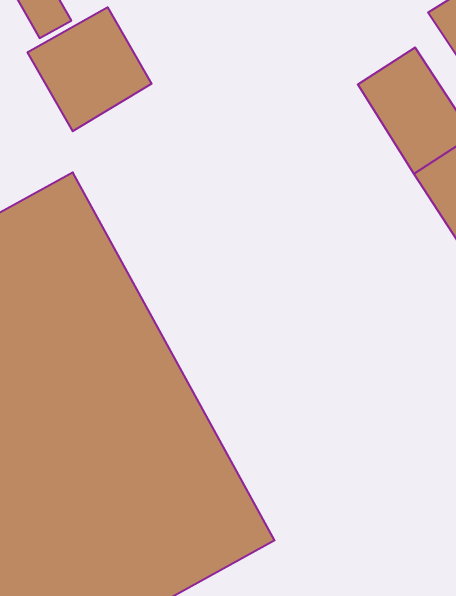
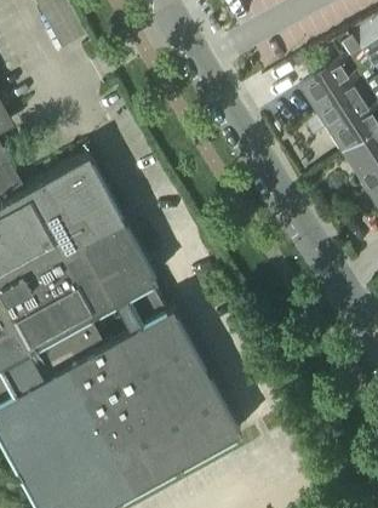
building: [28,7,152,131] -> none

